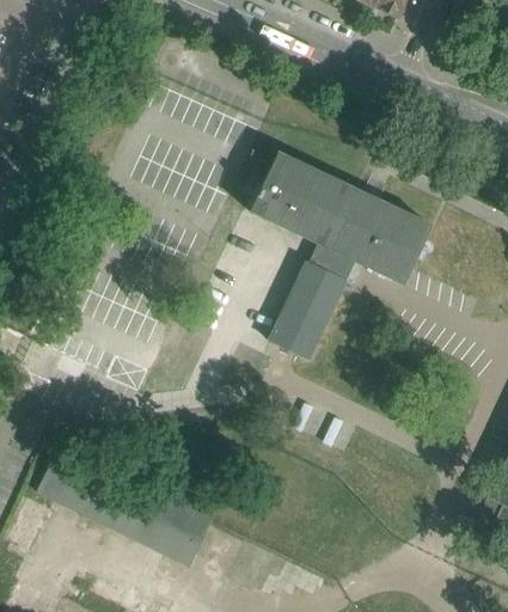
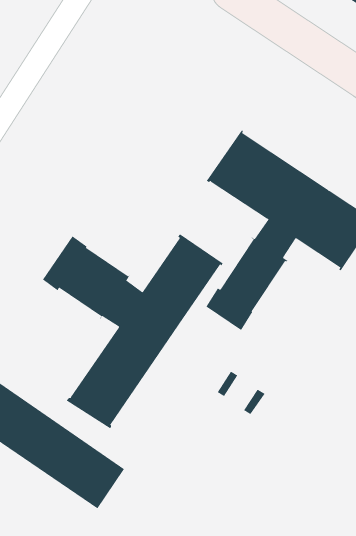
building: none -> [42,233,223,429]

